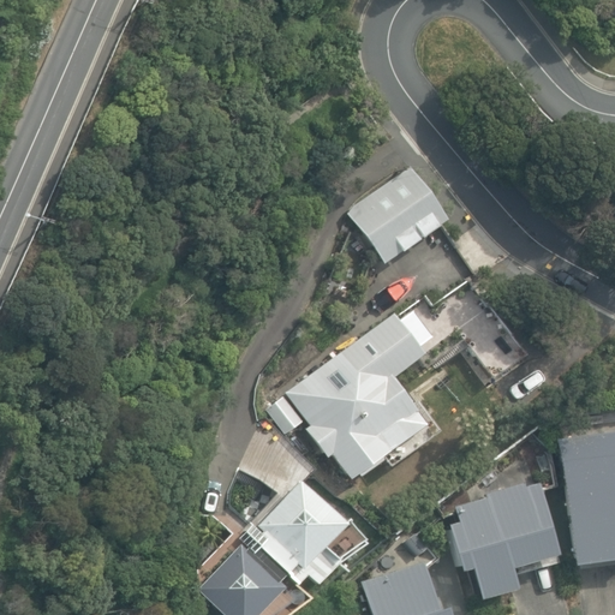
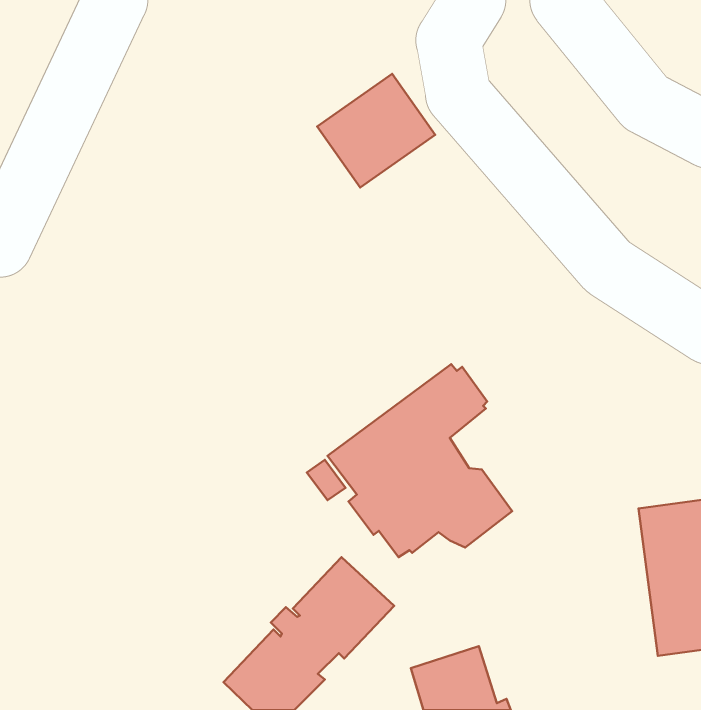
building: [347,163,449,262] -> [317,74,435,188]
building: [448,478,559,597] -> none

